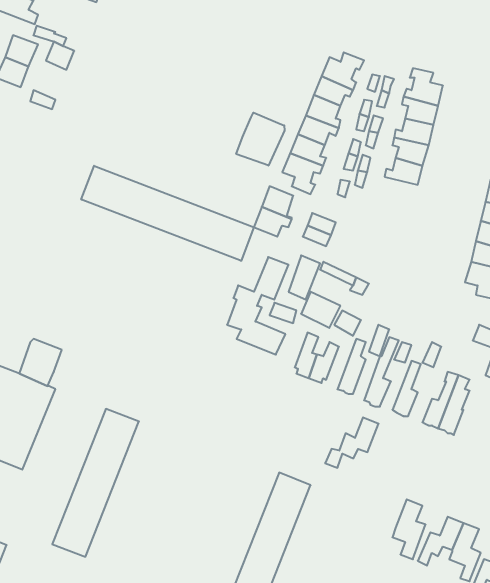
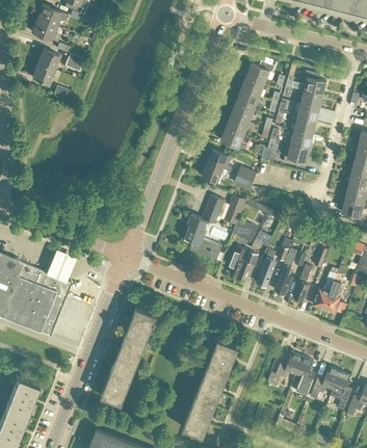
building: [236,113,284,166] -> none
building: [81,166,254,261] -> none
building: none -> [284,143,310,166]
building: [52,409,139,557] -> [101,307,158,404]
building: [325,417,379,468] -> [267,352,303,386]

